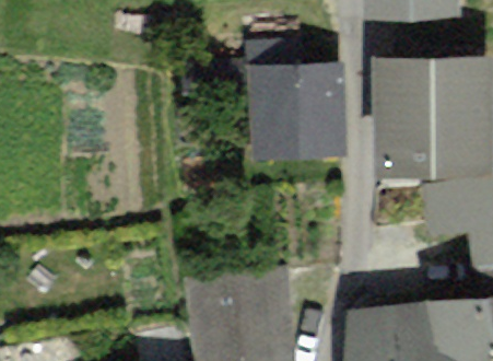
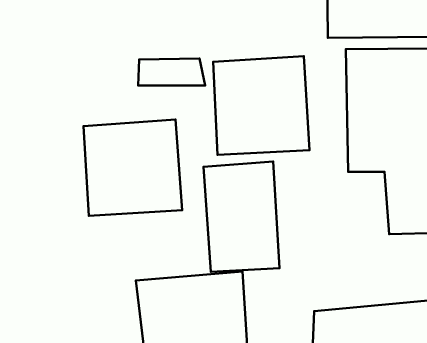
building: none -> [84,120,182,216]
building: none -> [204,162,280,272]

